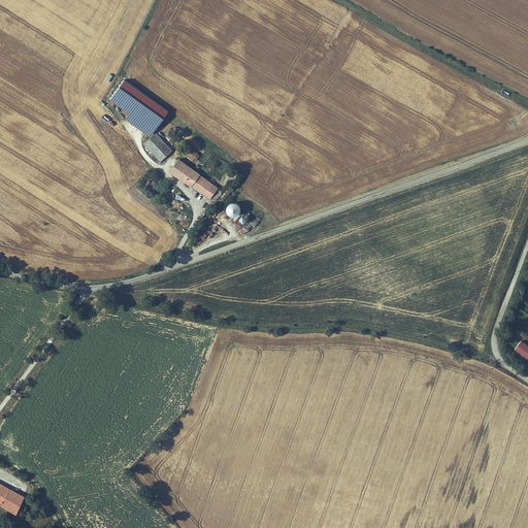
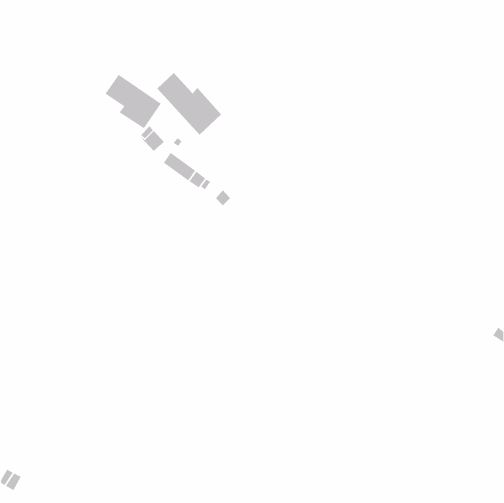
building: none -> [157,72,222,135]

